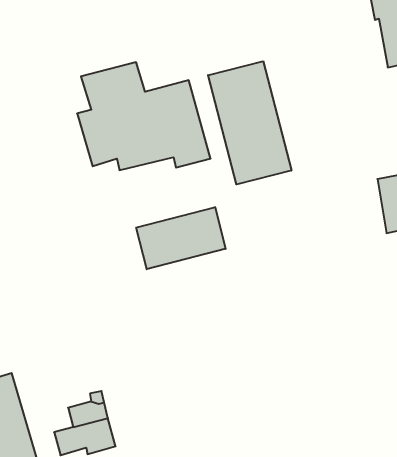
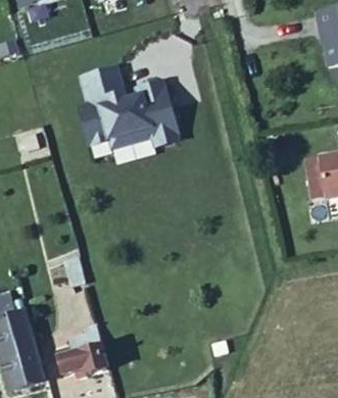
building: [208,61,291,184] -> none
building: [136,207,226,269] -> none

